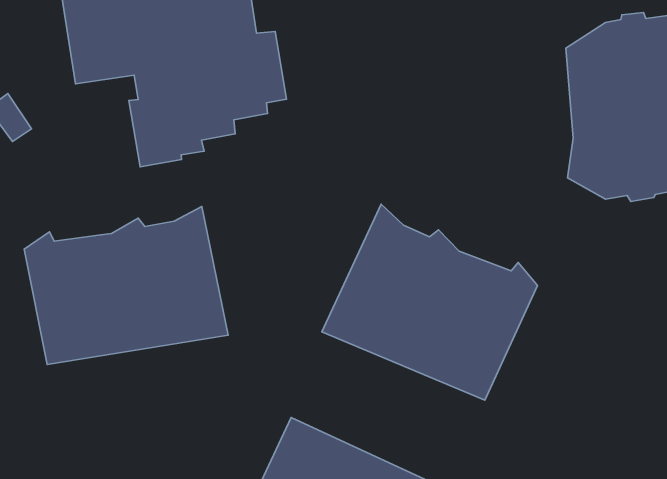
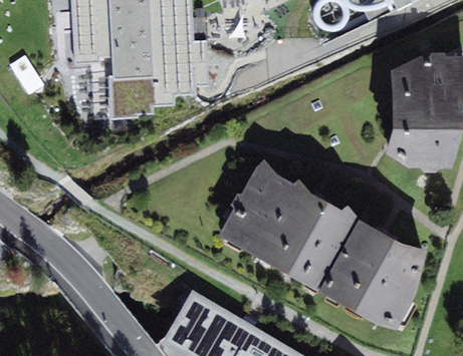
building: [24,206,228,365] -> none
building: none -> [317,221,427,330]

